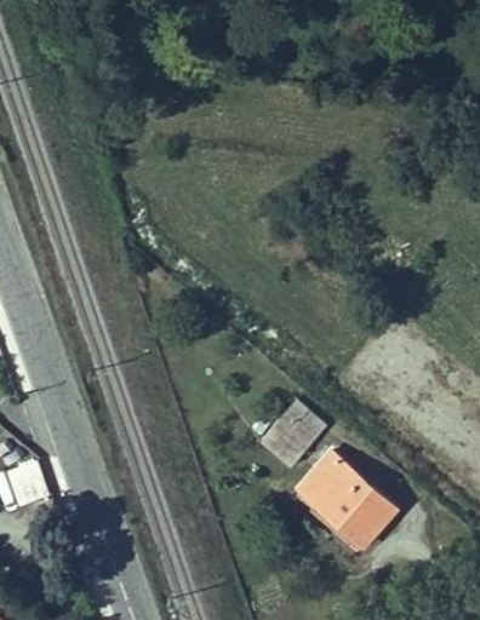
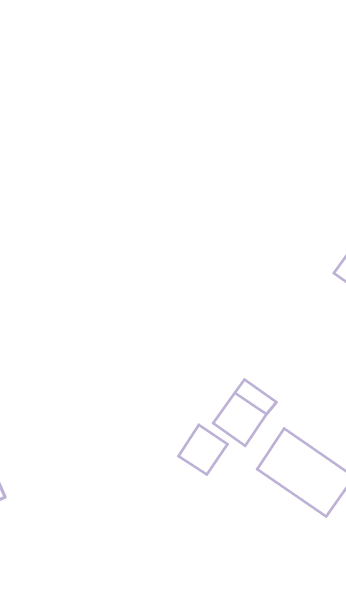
building: none -> [179,425,227,474]

